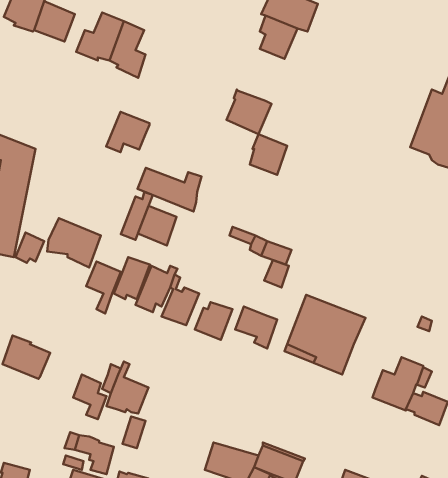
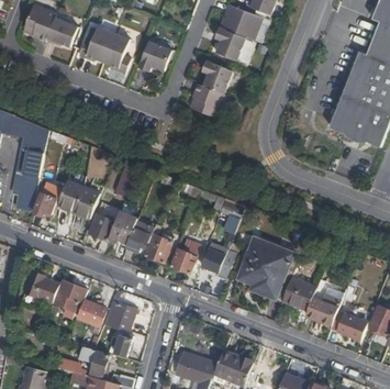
building: [106,112,149,152] -> [136,49,169,80]
building: [250,134,287,175] -> [202,60,231,91]
building: [138,168,202,211] -> none
building: [138,206,176,246] -> none
building: none -> [281,276,316,310]
building: none -> [52,278,86,312]

